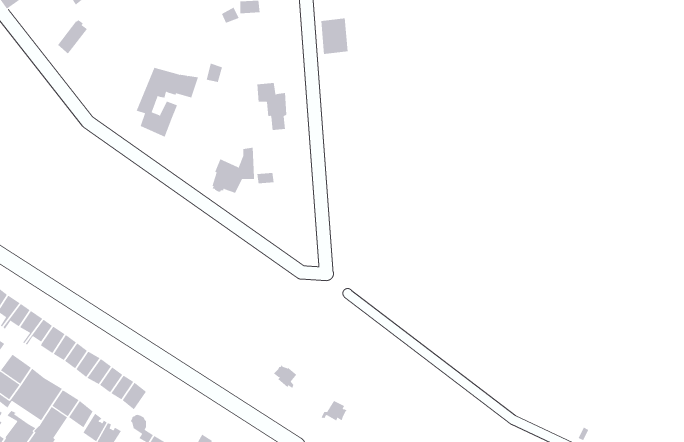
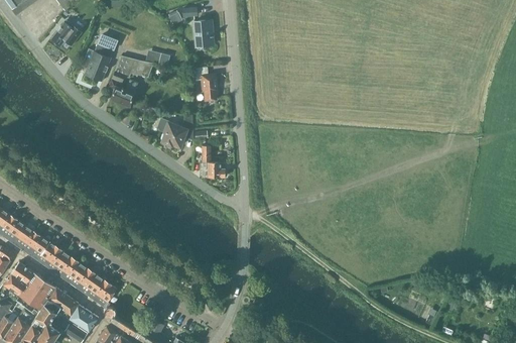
building: [320,18,348,54] -> [194,21,214,47]
building: none -> [81,34,118,82]
building: none -> [200,146,227,179]

